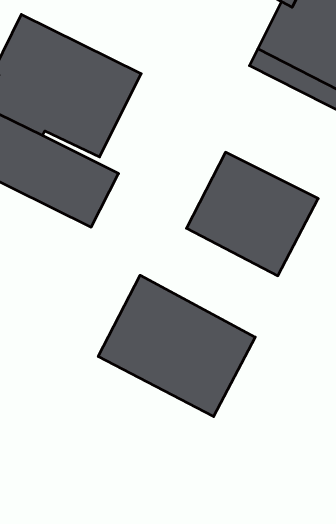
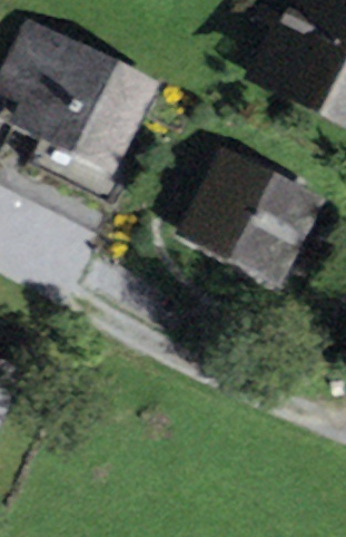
building: [98,275,255,417] -> none

